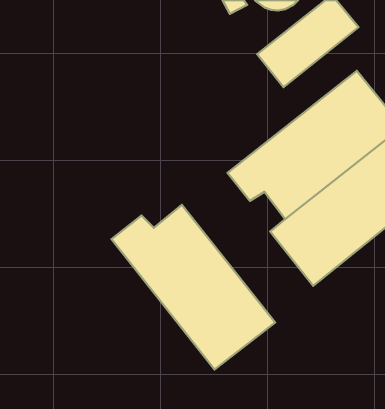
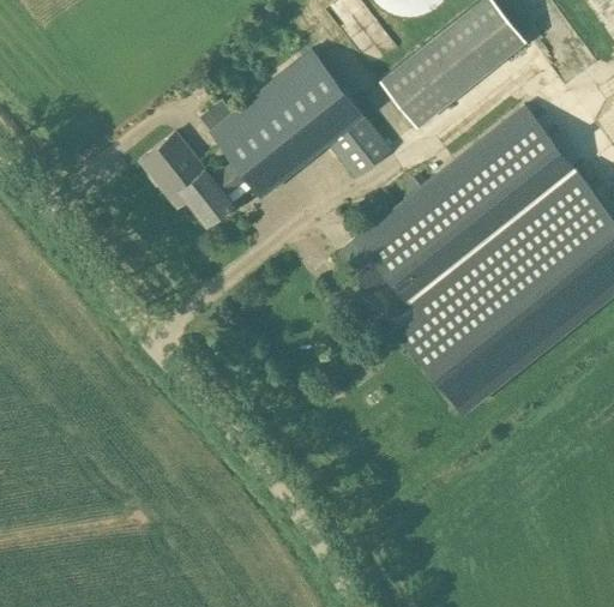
building: none -> [139,49,391,224]
building: [111,205,275,369] -> none

